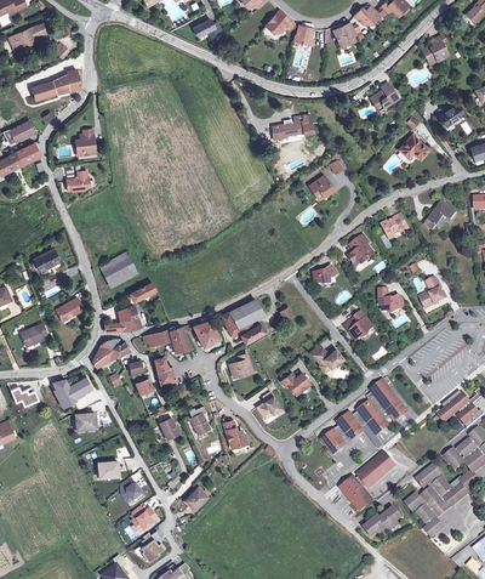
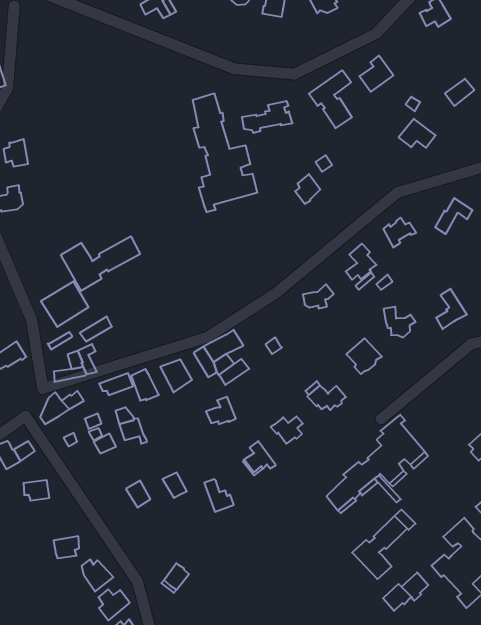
building: none -> [309,70,352,128]
building: none -> [193,93,257,212]
building: none -> [61,236,140,291]

